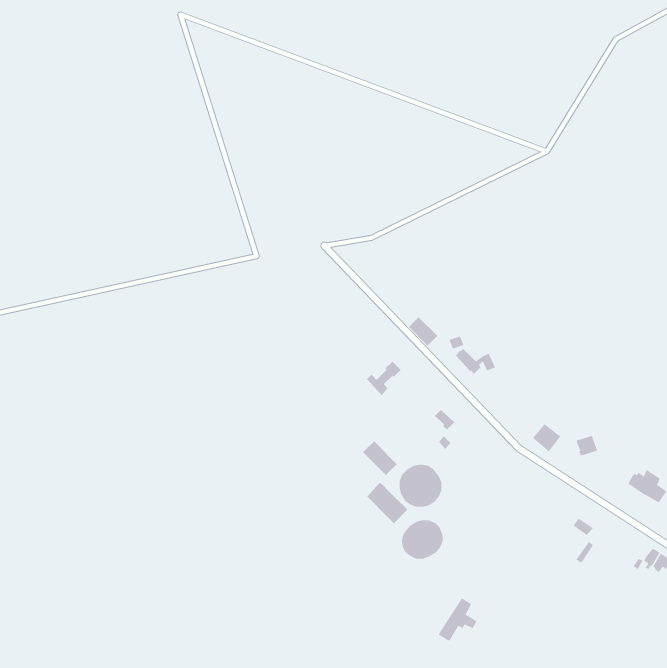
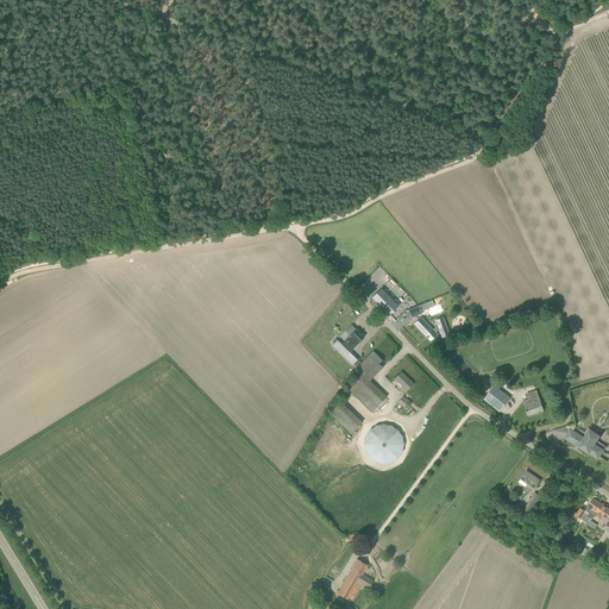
building: [366,482,408,524] -> [350,372,388,410]
building: [401,520,444,559] -> none
building: [438,598,477,642] -> [338,559,373,599]

